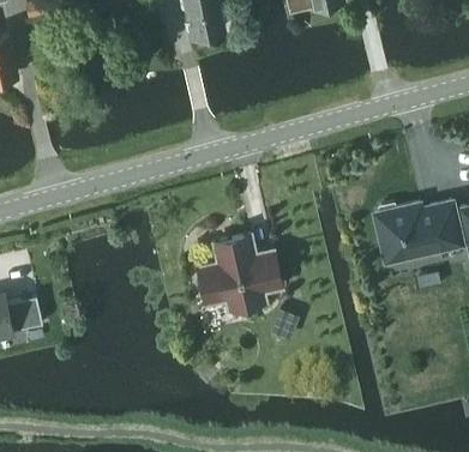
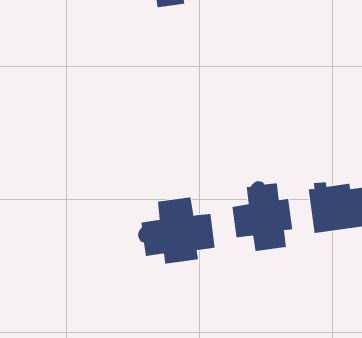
building: none -> [232,181,293,252]

